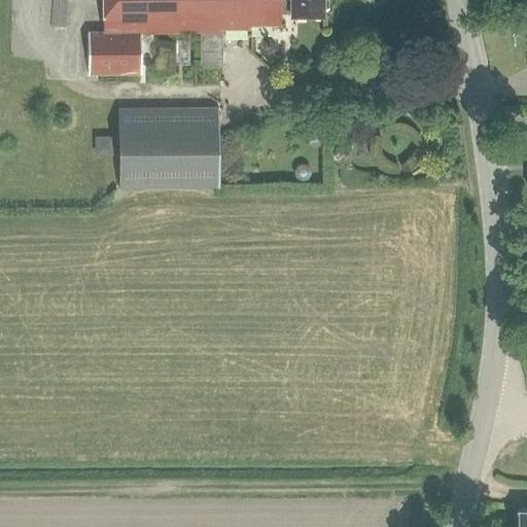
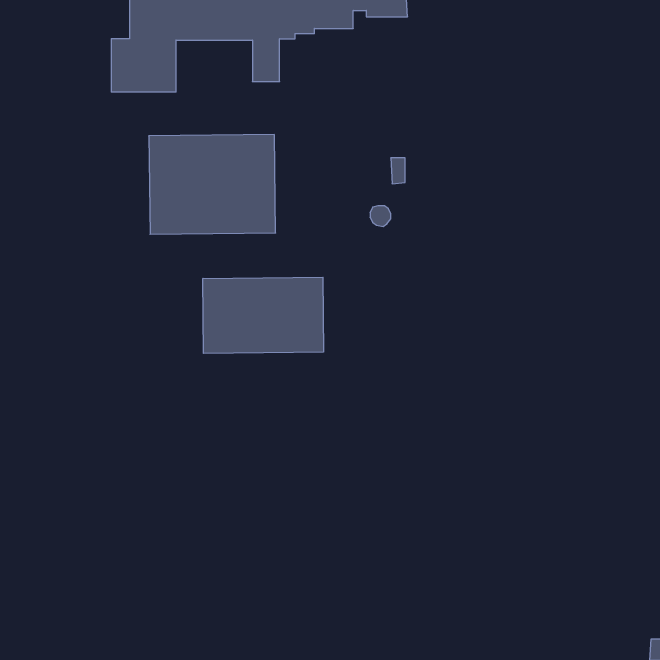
building: none -> [203,277,323,353]

